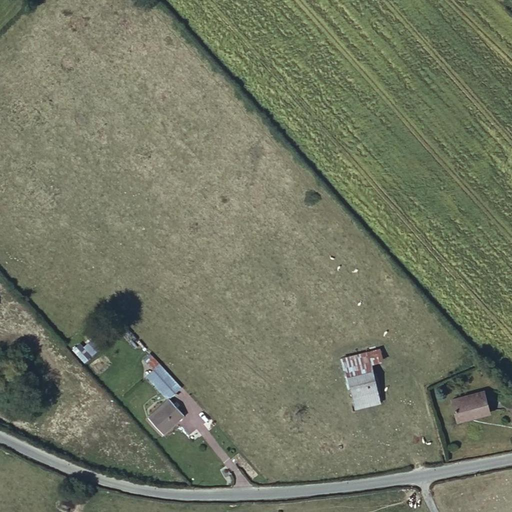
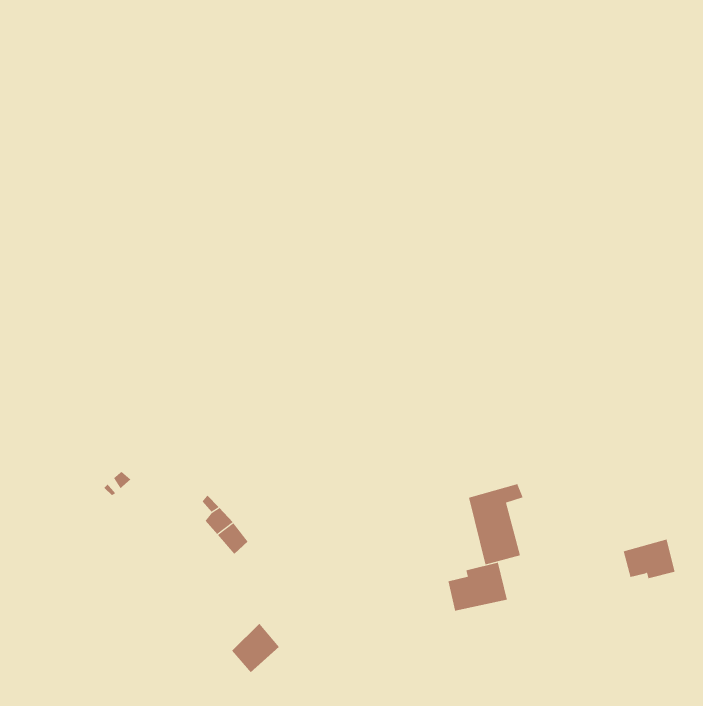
building: [151,401,186,437] -> [231,623,280,673]
building: none -> [448,562,508,612]

